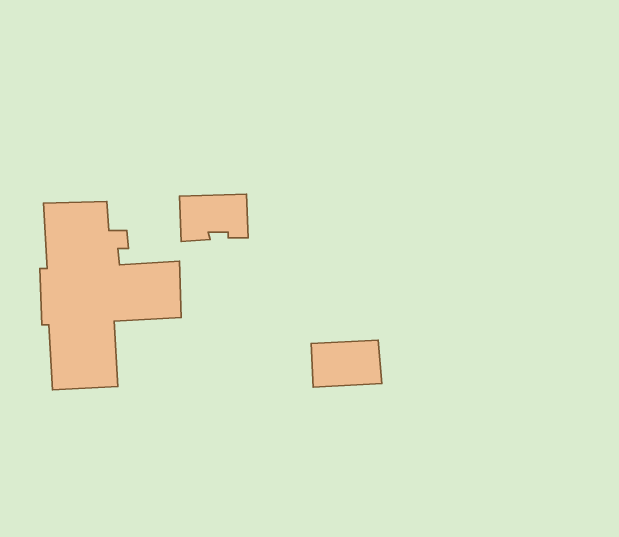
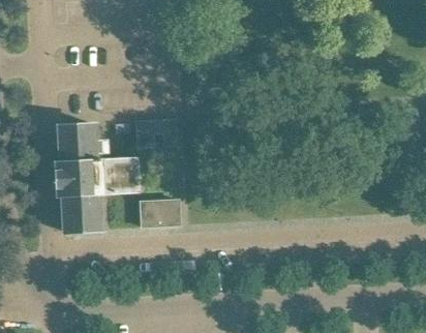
building: [311,340,382,387] -> [140,200,180,226]

